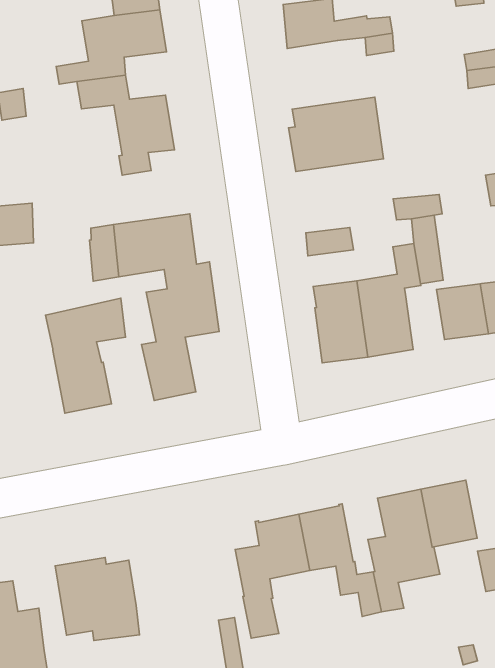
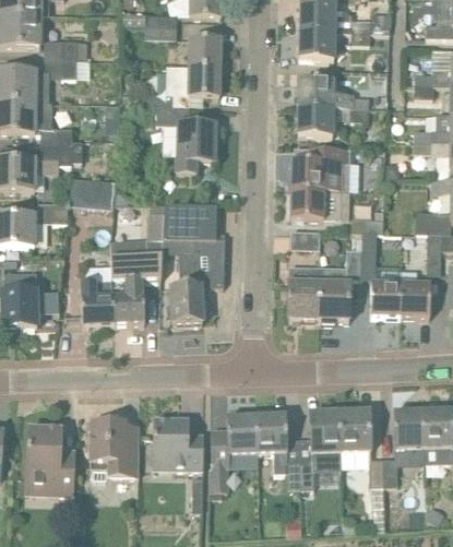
building: none -> [298,106,333,134]
building: none -> [290,188,350,218]
building: none -> [82,278,114,324]
building: none -> [153,418,204,468]

